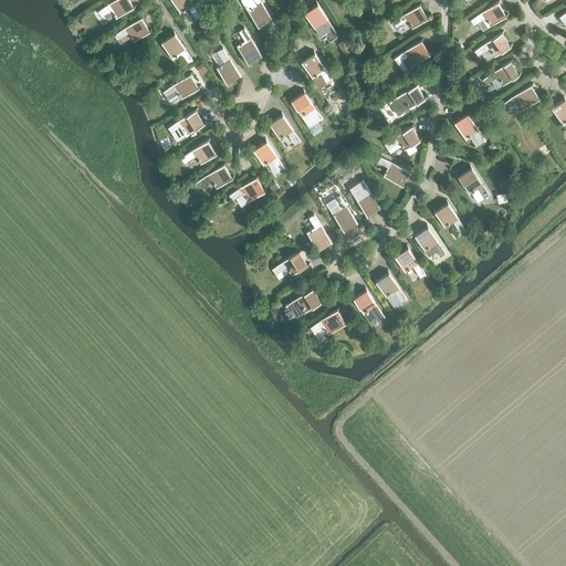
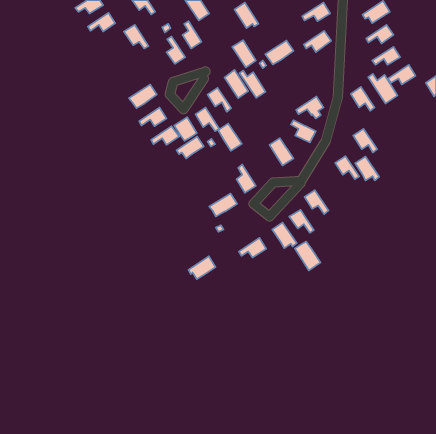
building: [163,75,198,105] -> none
building: [388,86,424,117] -> [265,41,293,64]
building: none -> [240,70,265,98]
building: none -> [368,74,397,103]
building: none -> [174,117,197,141]
building: [326,197,357,232] -> [218,124,242,151]
building: [415,228,446,259] -> [355,156,379,180]
building: [285,290,321,319] -> [188,256,216,279]
building: none -> [295,241,321,271]

